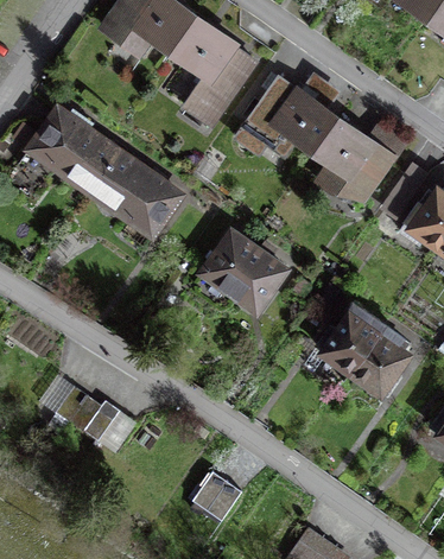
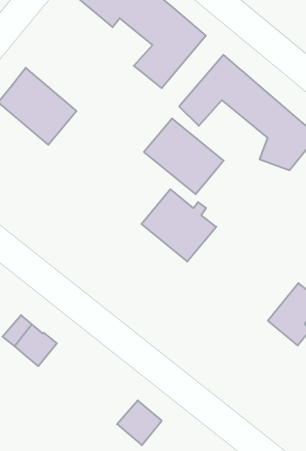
building: [90,152,180,235] -> [144,118,224,194]
building: [317,305,383,370] -> none

